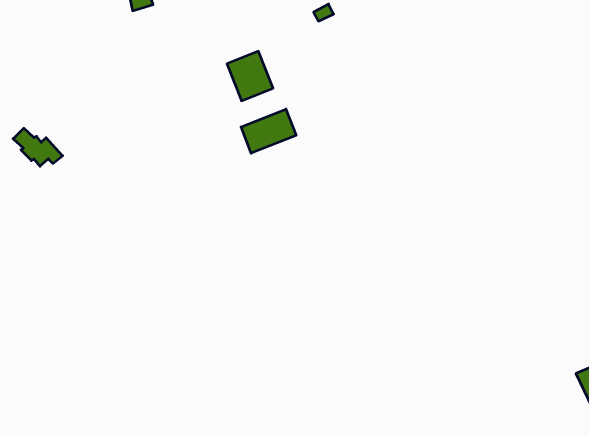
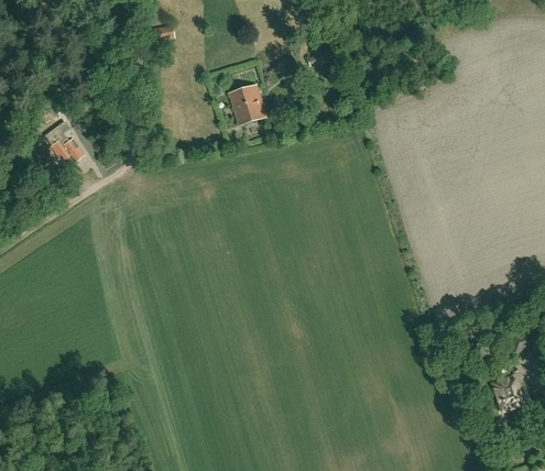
building: [241,109,296,153] -> none

